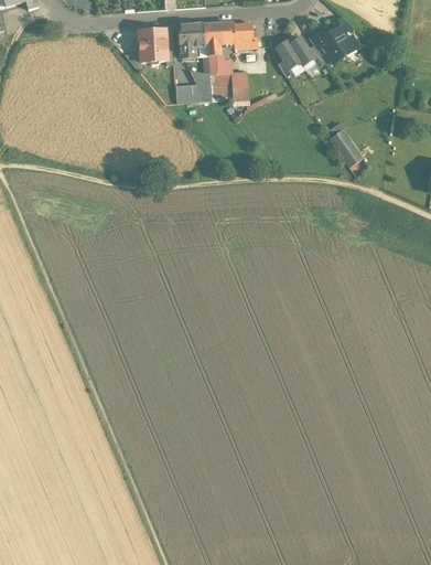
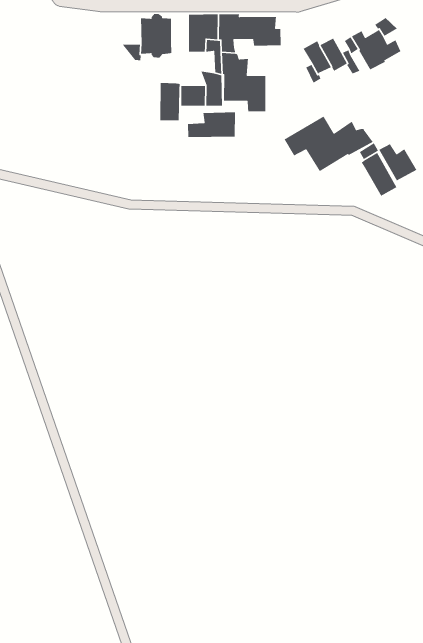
building: none -> [160,82,181,121]
building: none -> [283,115,374,172]
building: none -> [187,112,236,138]
building: none -> [378,143,417,181]

